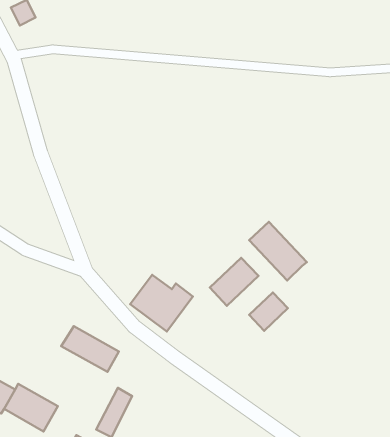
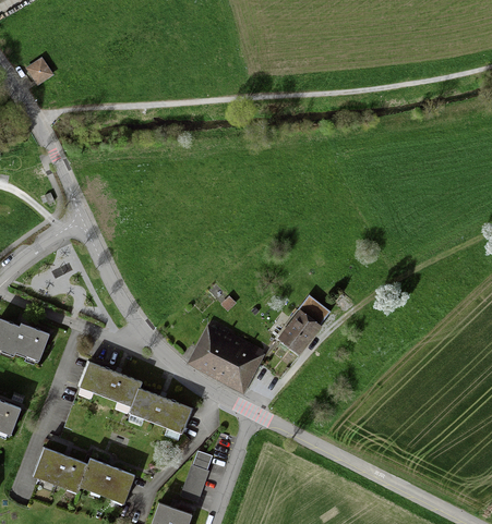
building: [249,222,307,280] -> none
building: [249,292,288,331] -> none
building: none -> [79,363,142,407]

